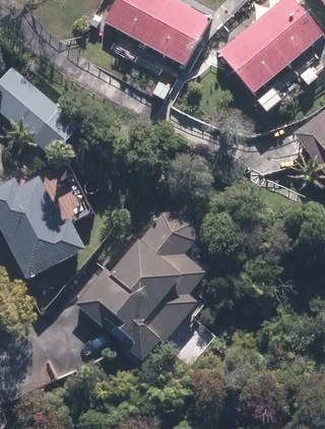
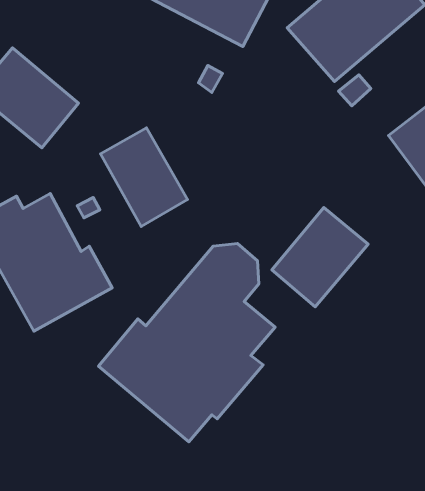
building: none -> [100,128,187,226]
building: none -> [272,207,368,307]

